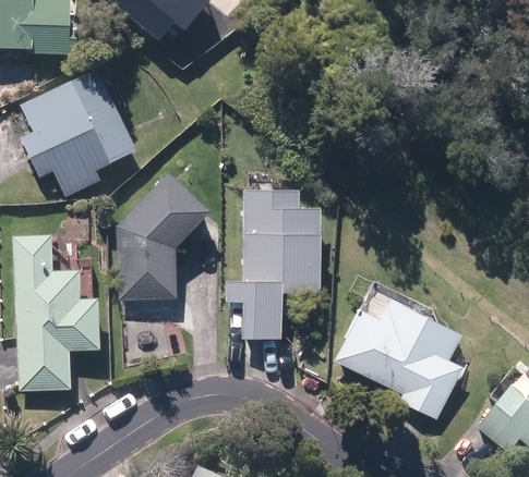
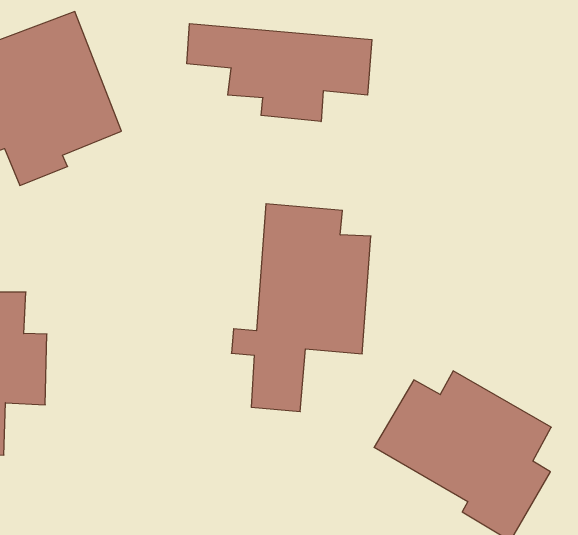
building: none -> [187,24,372,122]
building: [118,175,206,299] -> none

